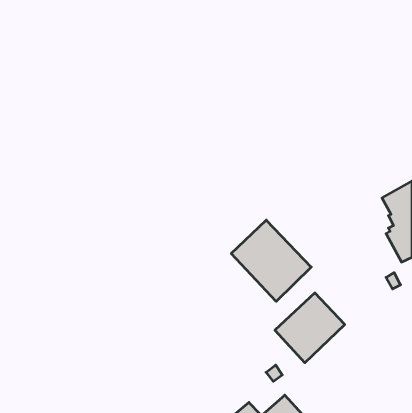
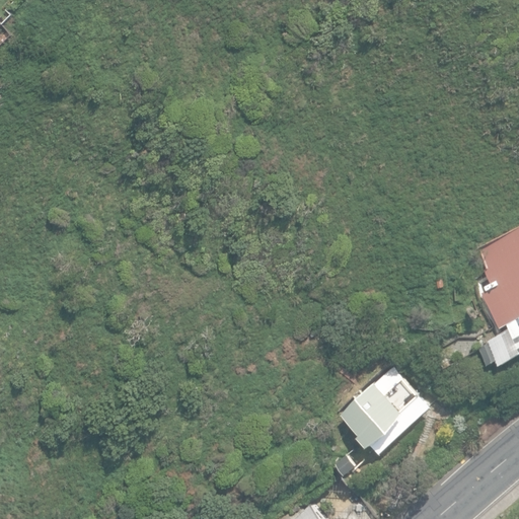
building: [231,220,311,301] -> none

